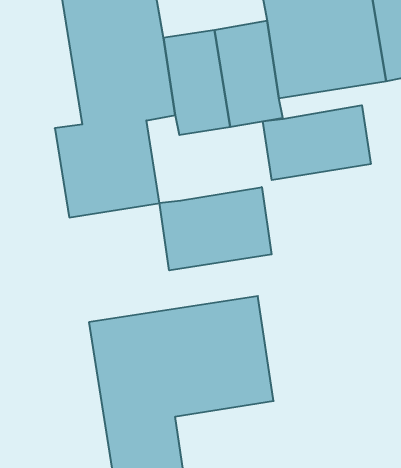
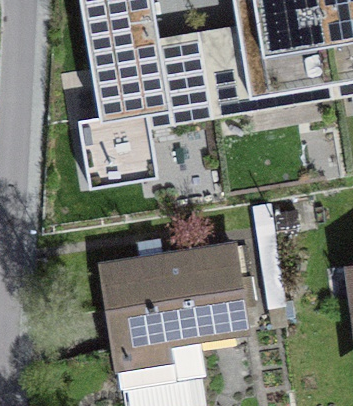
building: [263,105,371,180] -> none
building: [160,187,272,270] -> none

